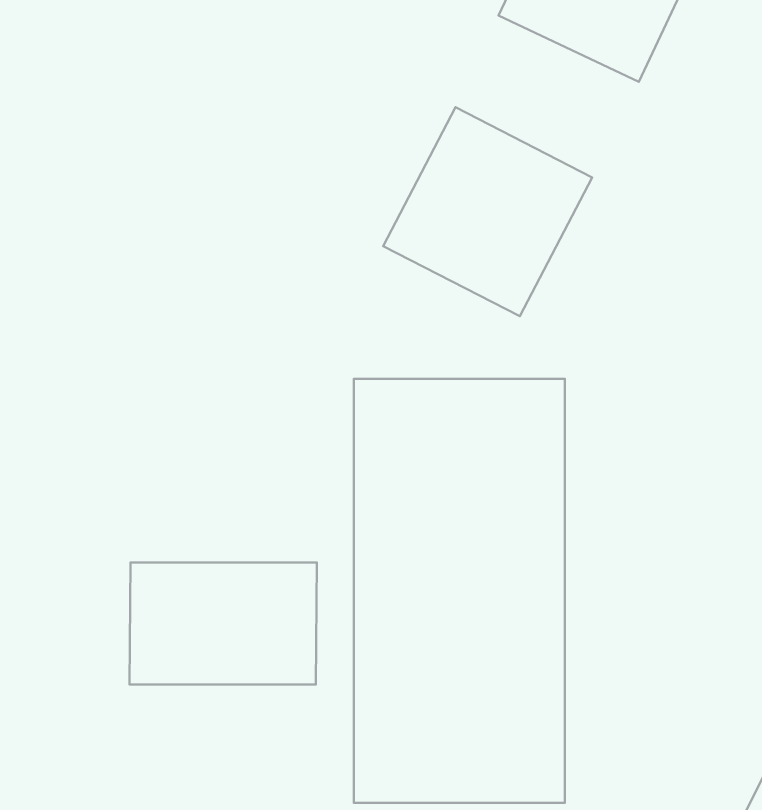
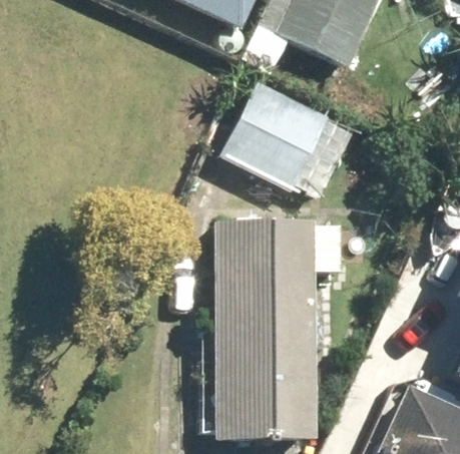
building: [130,563,317,684] -> none

